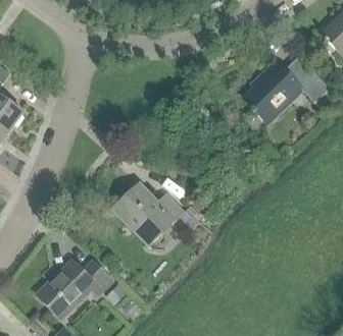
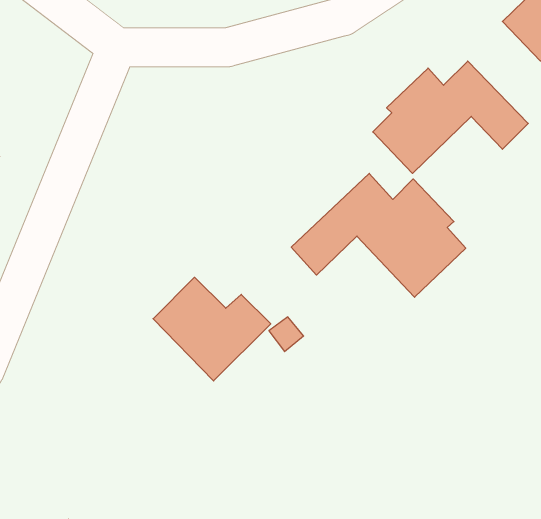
building: none -> [291,173,466,297]
building: [36,260,112,318] -> none

